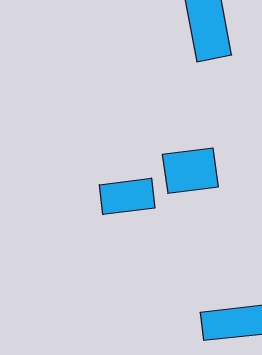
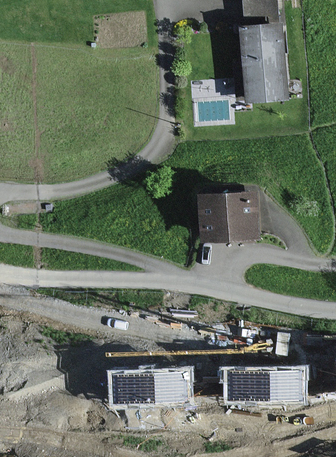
building: [99,178,155,215] -> none
building: none -> [111,370,189,401]

